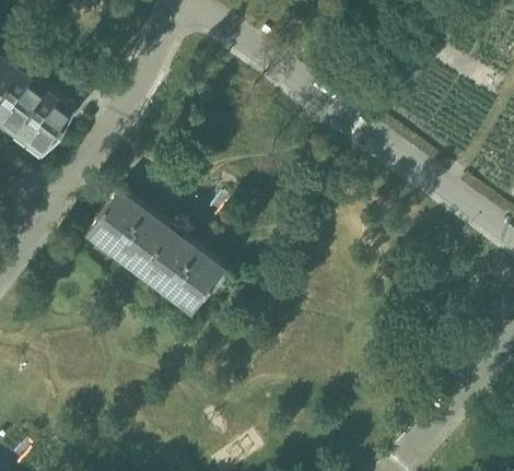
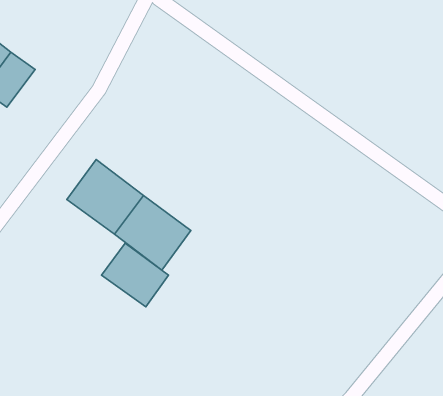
building: [19,92,77,154] -> none
building: none -> [101,243,169,307]

